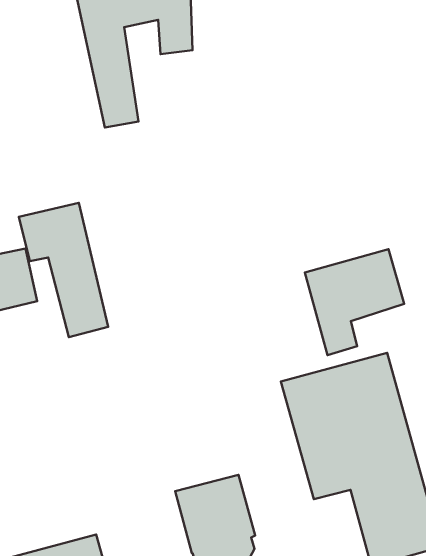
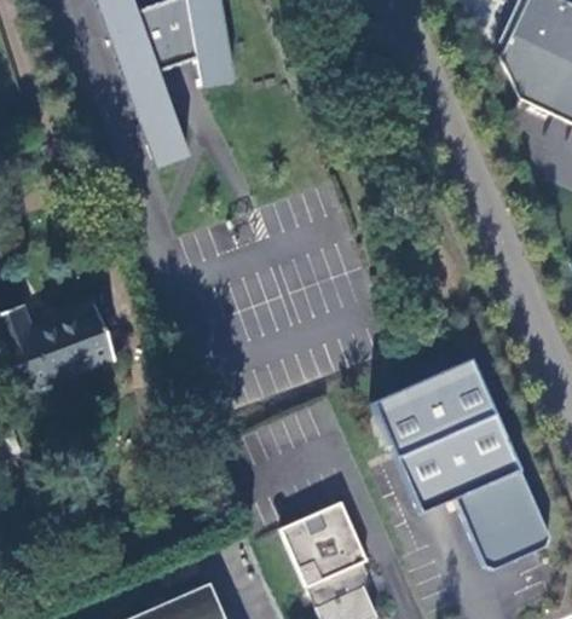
building: [19,203,108,337] -> none
building: [305,249,404,355] -> none

